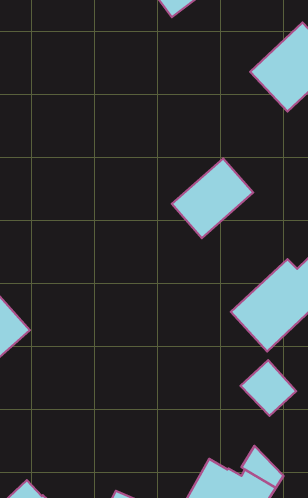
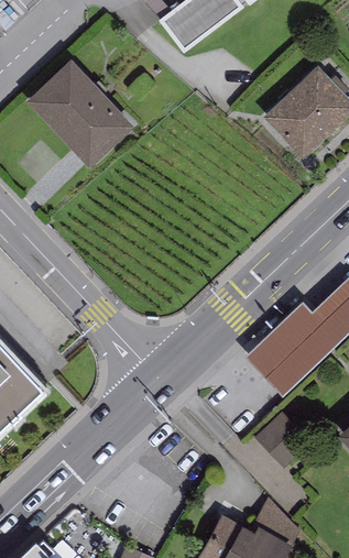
building: none -> [25,57,132,165]
building: [172,158,253,238] -> none

